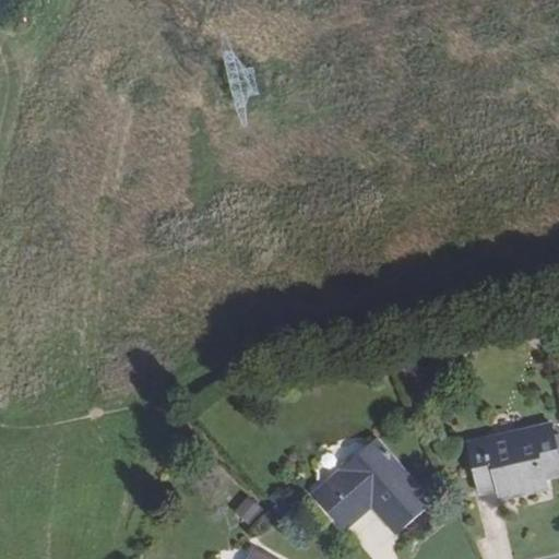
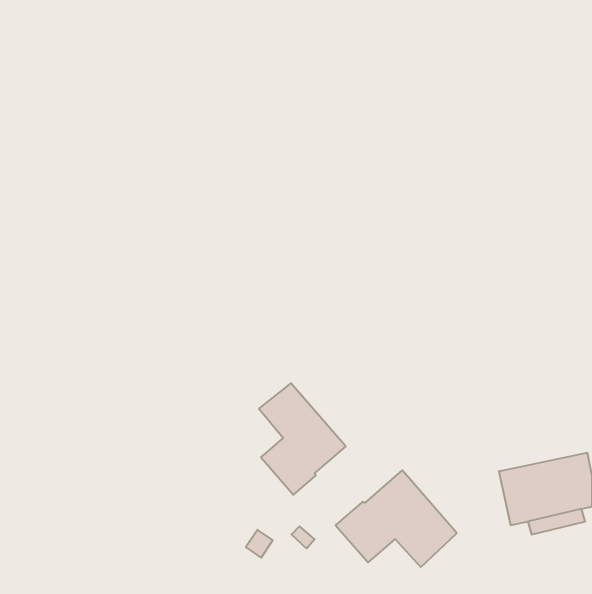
building: none -> [259,383,346,495]

